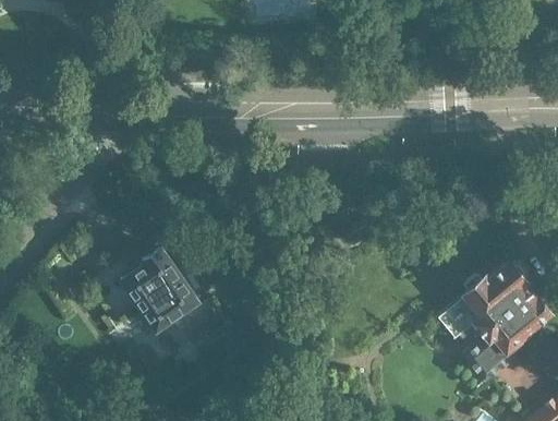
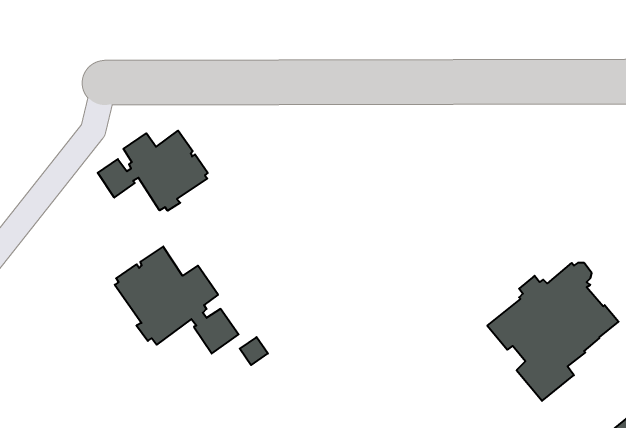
building: none -> [98,131,208,211]

